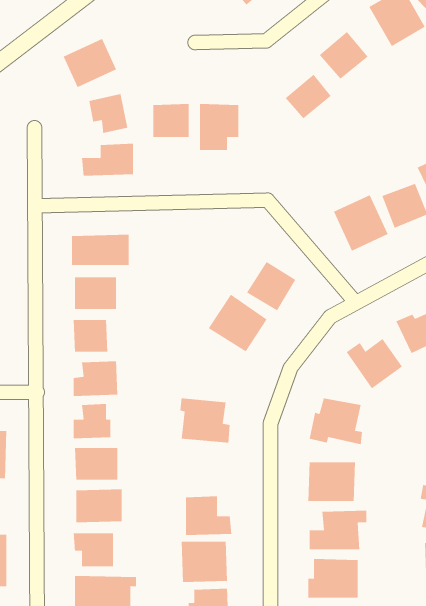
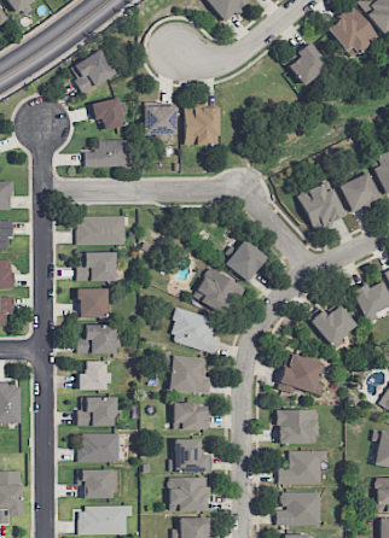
building: [285,74,331,119] -> none
building: none -> [169,308,219,353]
building: none -> [174,403,209,428]

